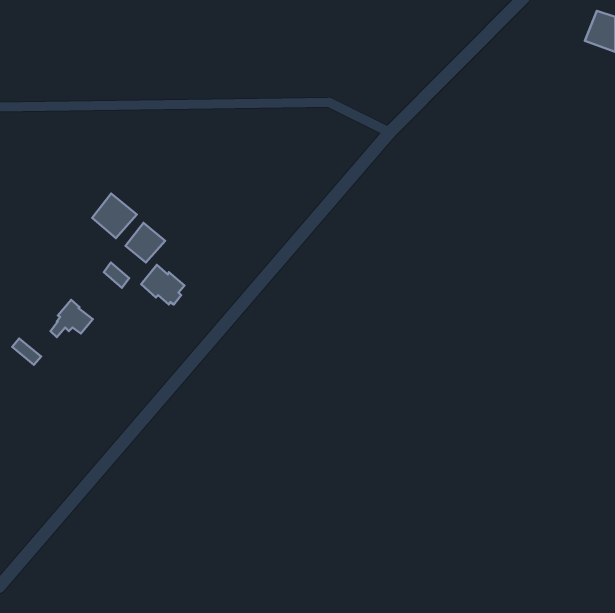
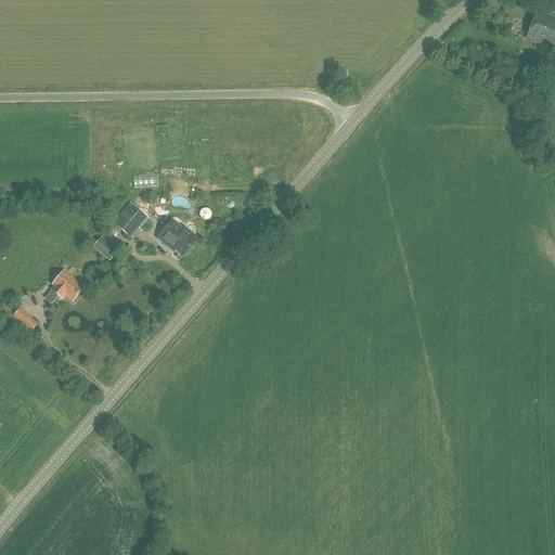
building: [92,193,137,238] -> none
building: [141,265,185,305] -> [157,218,196,254]

